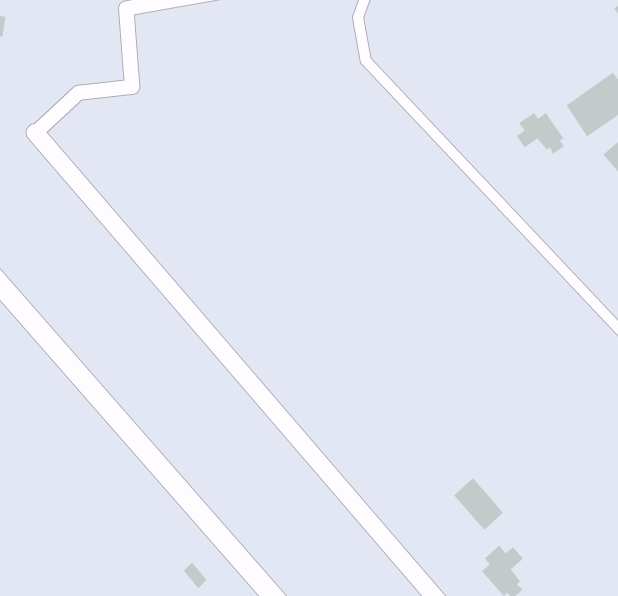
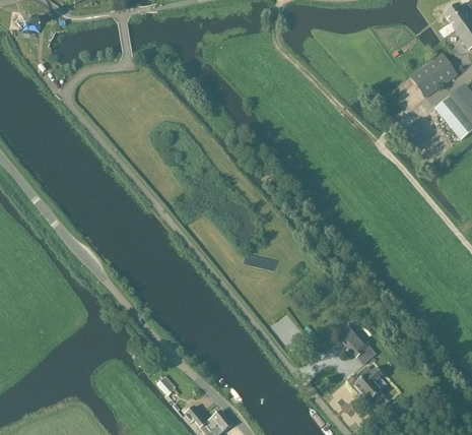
building: [516,112,565,155] -> none

